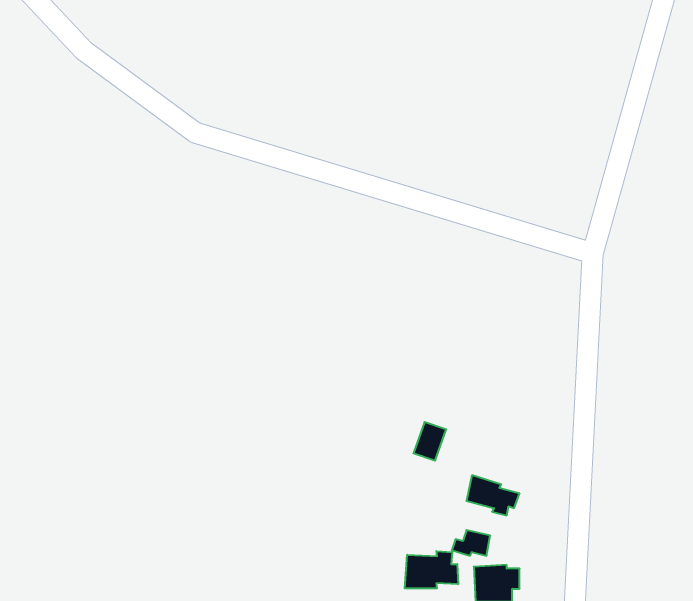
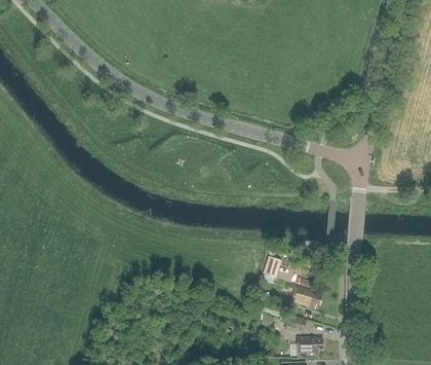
building: [405,551,458,588] -> none

